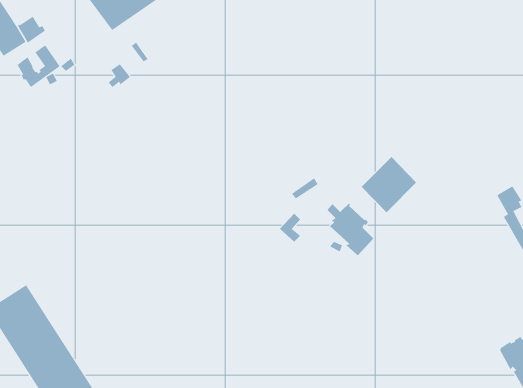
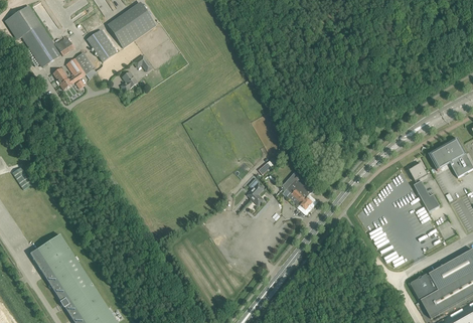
building: none -> [87,29,117,61]
building: [361,156,417,213] -> none

